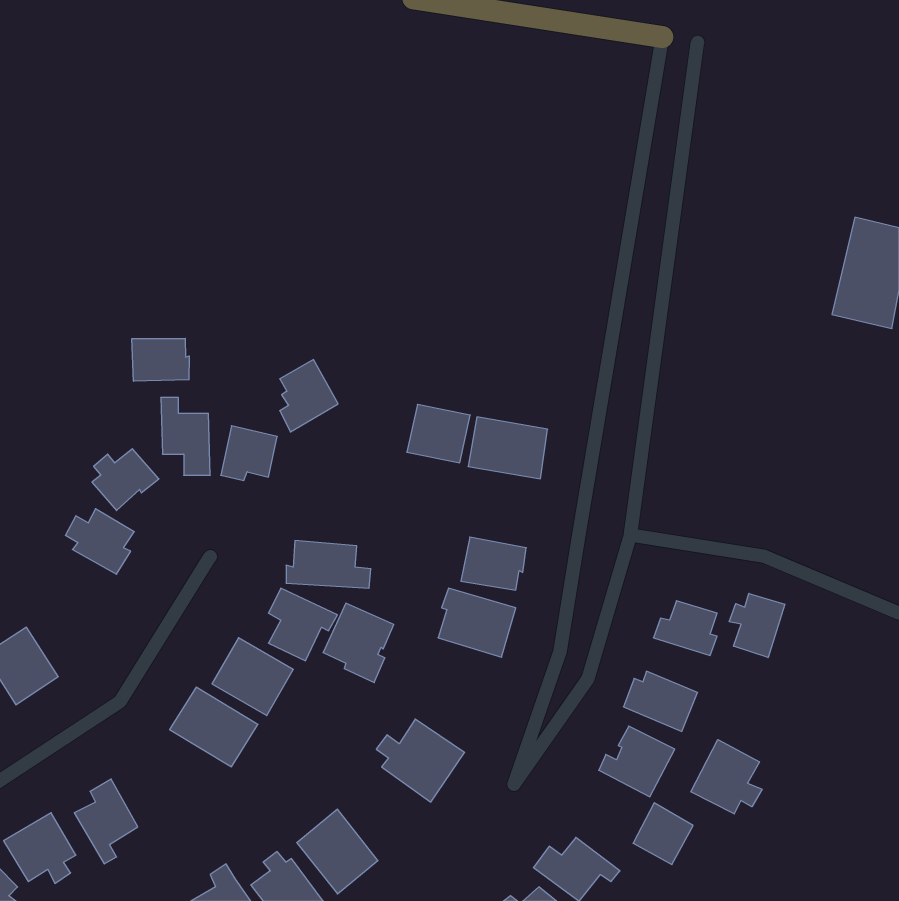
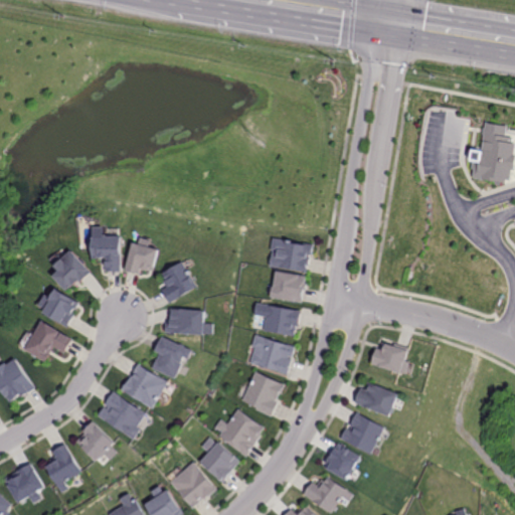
building: [132,338,189,381] -> none
building: [280,360,338,432] -> [162,262,195,303]
building: [407,404,470,463] -> [270,270,306,303]
building: none -> [24,321,71,362]
building: [729,593,785,658] -> none
building: [323,603,394,683] -> [242,372,283,417]
building: none -> [75,420,115,460]
building: [691,740,762,814] -> none
building: none -> [198,437,238,482]
building: [633,803,693,865] -> [324,445,358,480]

